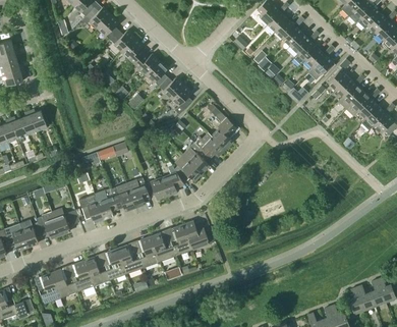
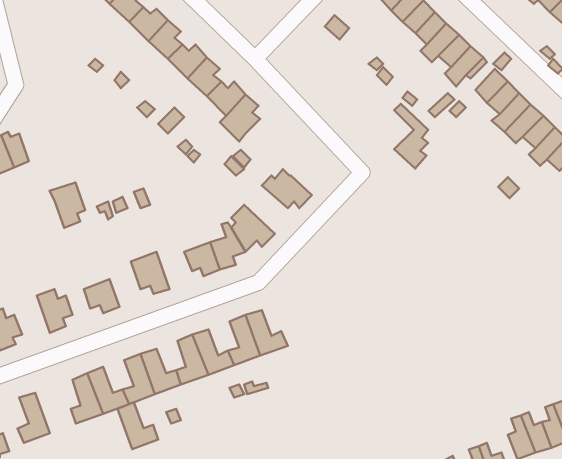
building: [211,107,232,148] -> [394,104,428,169]
building: [181,142,209,172] -> none
building: [126,177,149,207] -> none
building: [94,189,116,218] -> [49,183,85,228]
building: [35,211,59,237] -> none
building: [50,268,75,297] -> [118,402,158,449]

